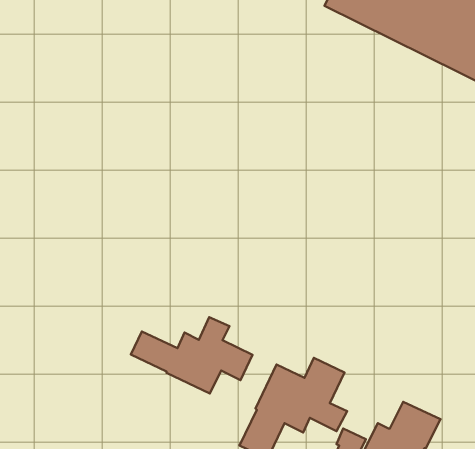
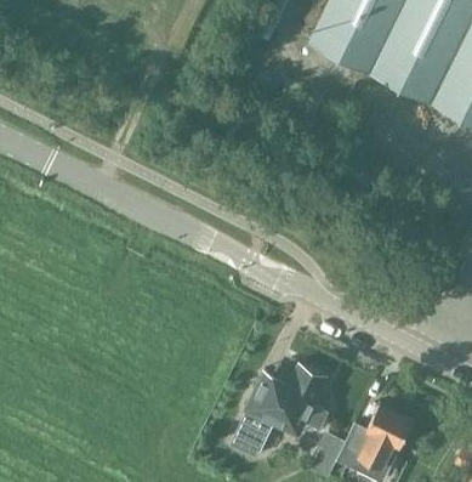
building: [131,317,253,394] -> none

